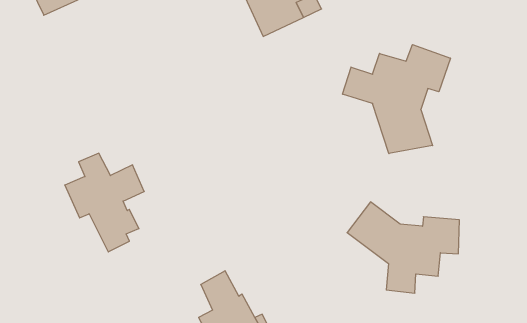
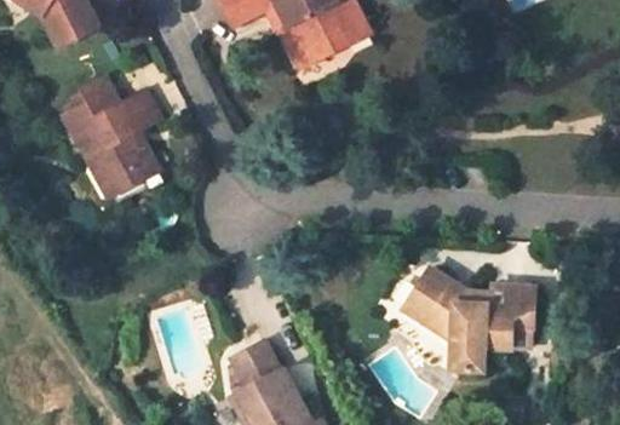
building: [343,45,450,154] -> none
building: [65,153,144,252] -> [71,80,162,193]

